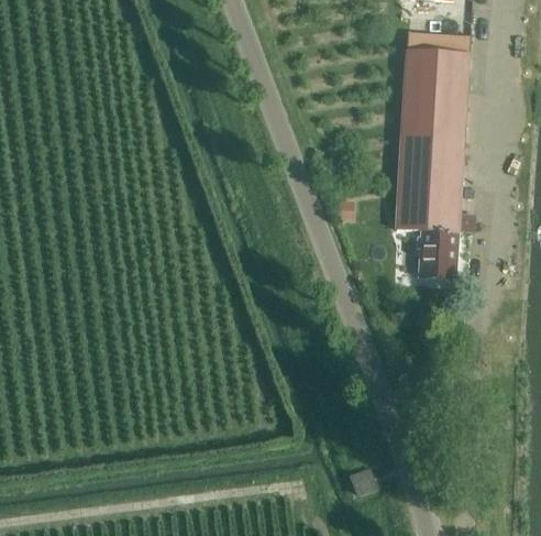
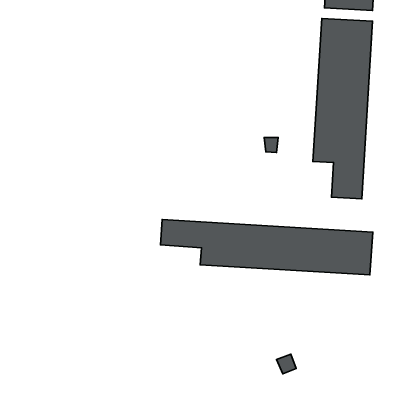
building: none -> [161,220,373,275]

